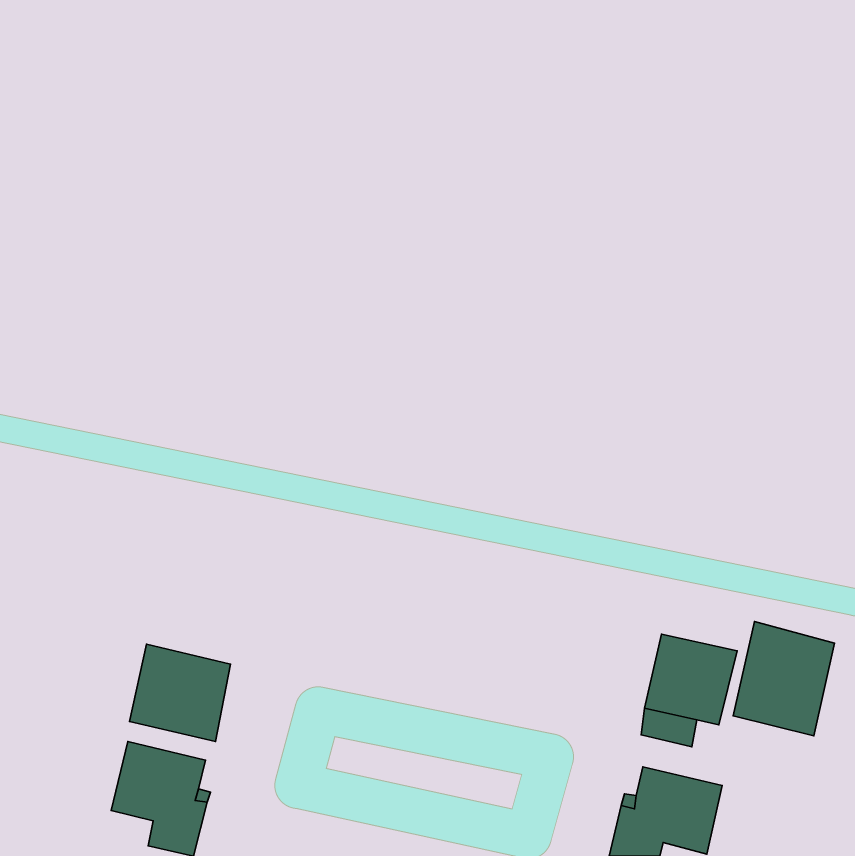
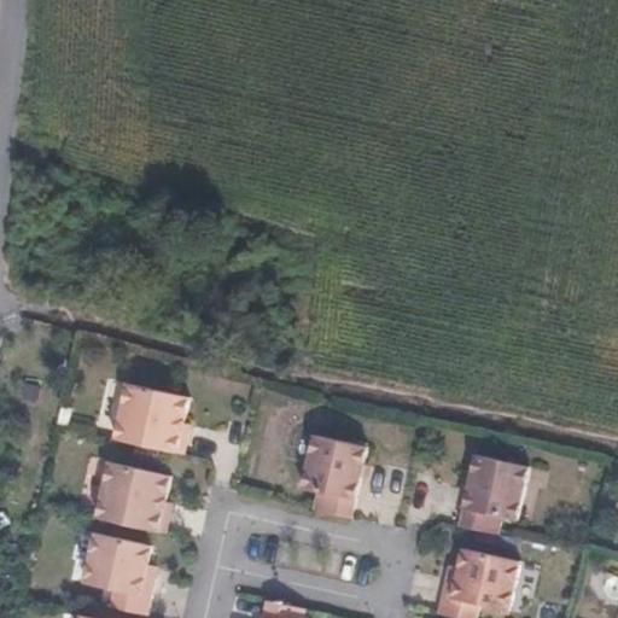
building: none -> [111,383,185,453]
building: none -> [297,433,363,517]
building: [733,622,835,736] -> none

